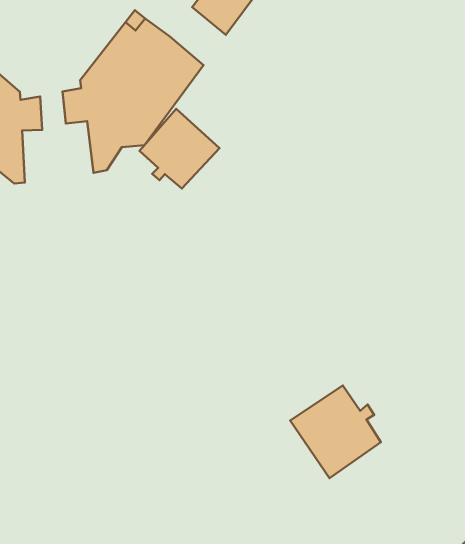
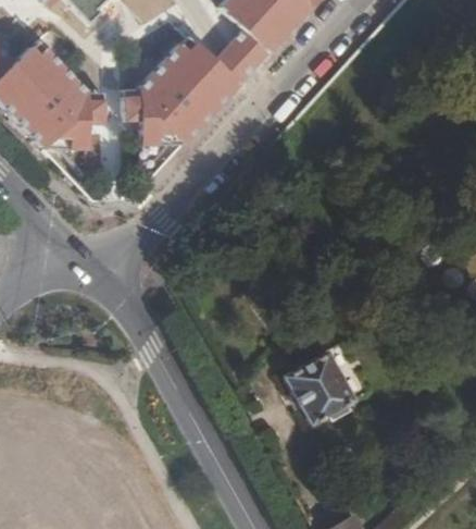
building: none -> [217,35,263,83]
building: [139,109,219,189] -> none

